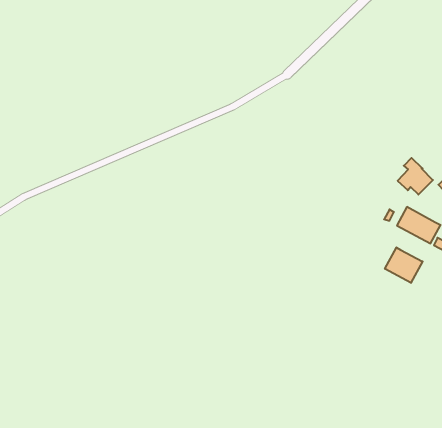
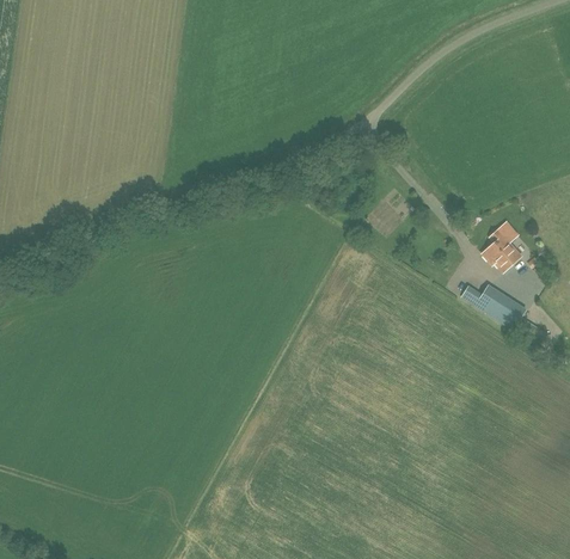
building: [385,247,423,283] -> none

